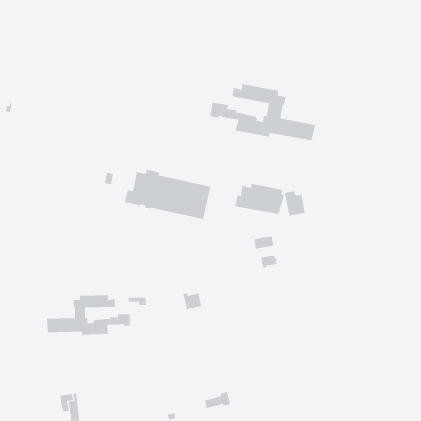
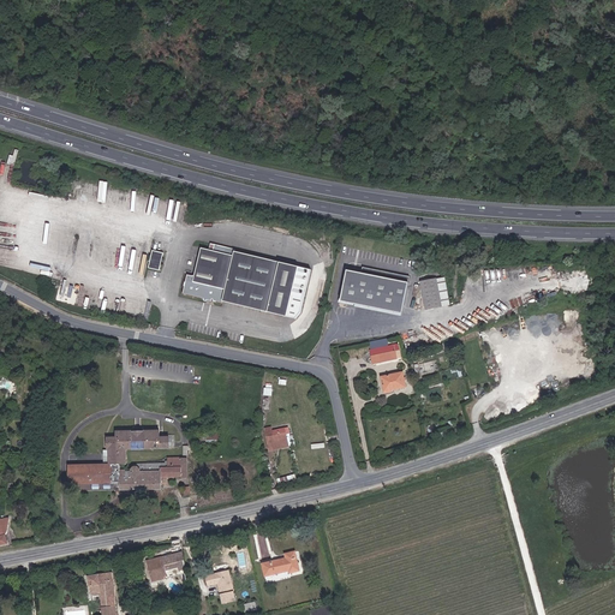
building: [210,83,315,141] -> none
building: none -> [145,553,184,580]
building: [204,391,231,408] -> [261,551,299,577]
building: none -> [204,571,235,603]

